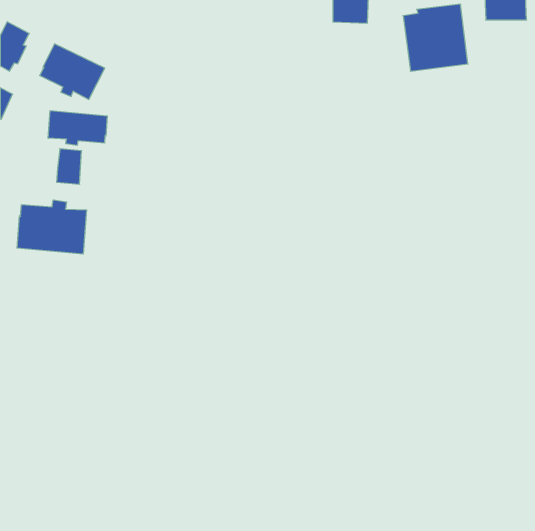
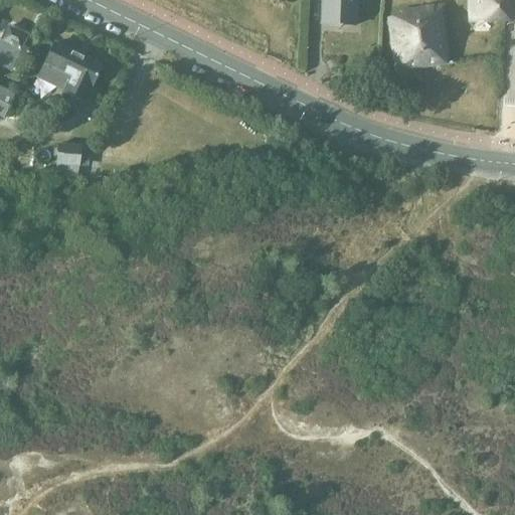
building: [48,111,107,145] -> none
building: [17,200,87,254] -> none

